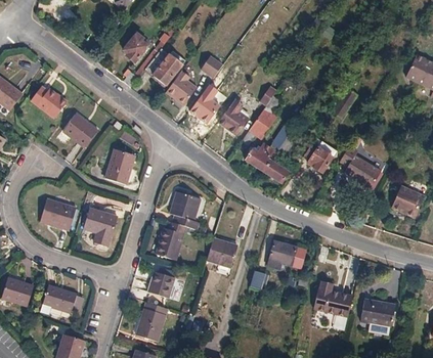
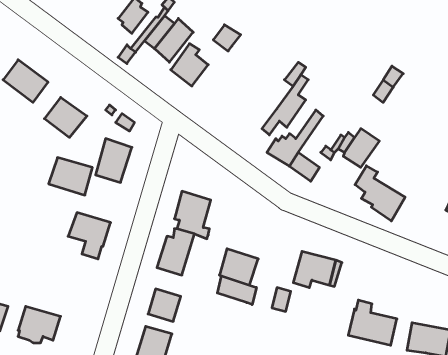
building: [191,83,228,123] -> none
building: [219,98,250,133] -> none
building: [340,145,381,190] -> [355,166,405,221]
building: [40,199,76,230] -> [49,158,92,195]
building: none -> [217,276,256,305]

